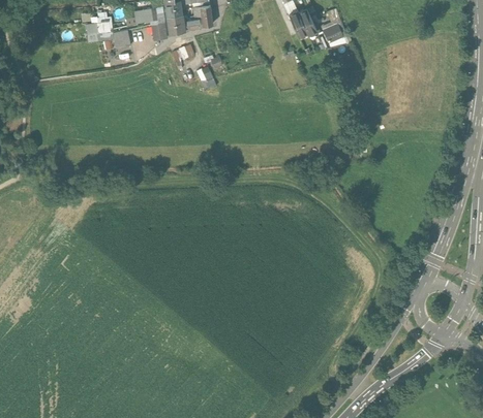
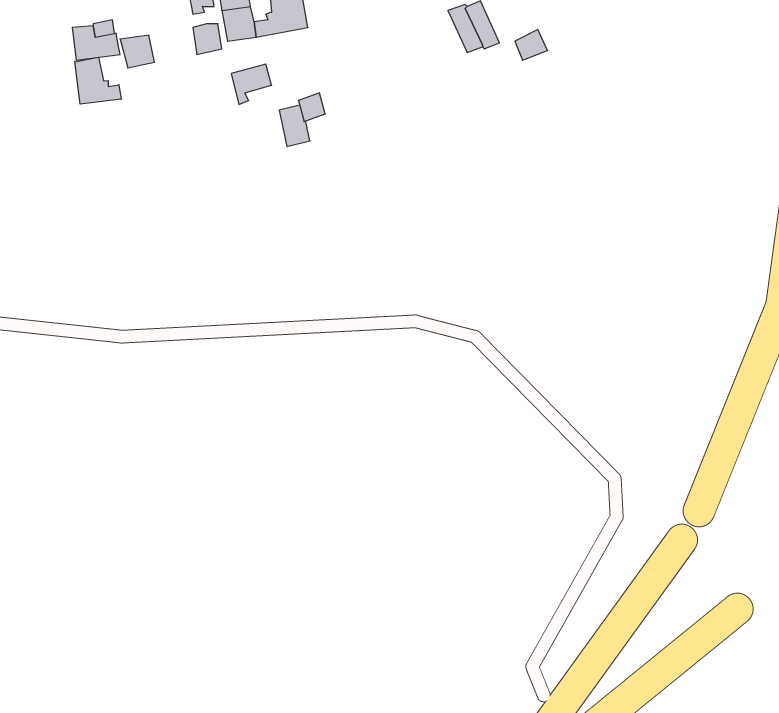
building: none -> [75,57,121,104]

